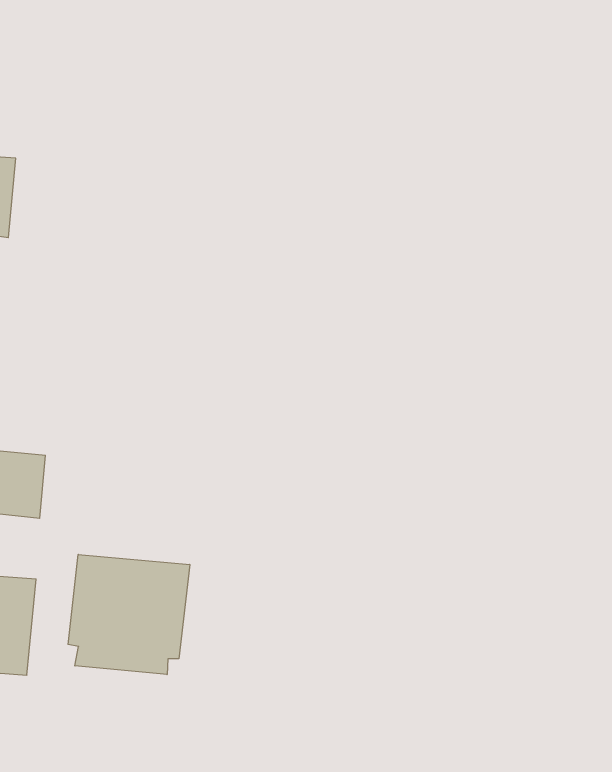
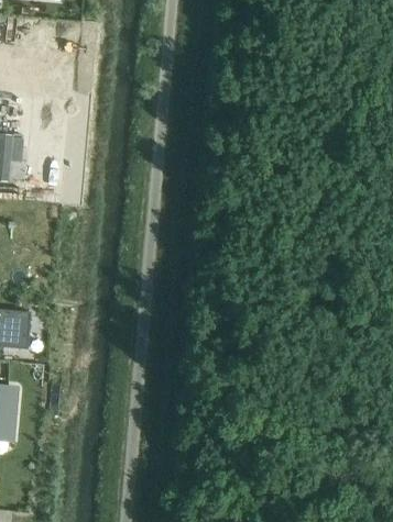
building: [68,554,190,675] -> none

